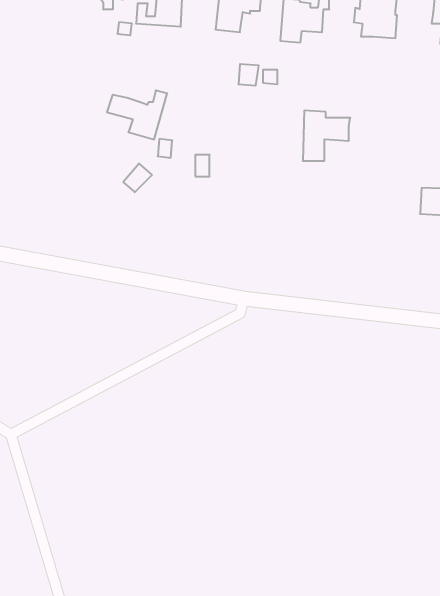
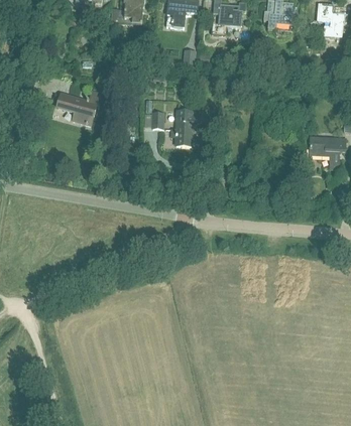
building: [107,90,167,139] -> [57,90,100,124]
building: [303,110,350,161] -> [177,109,210,144]

